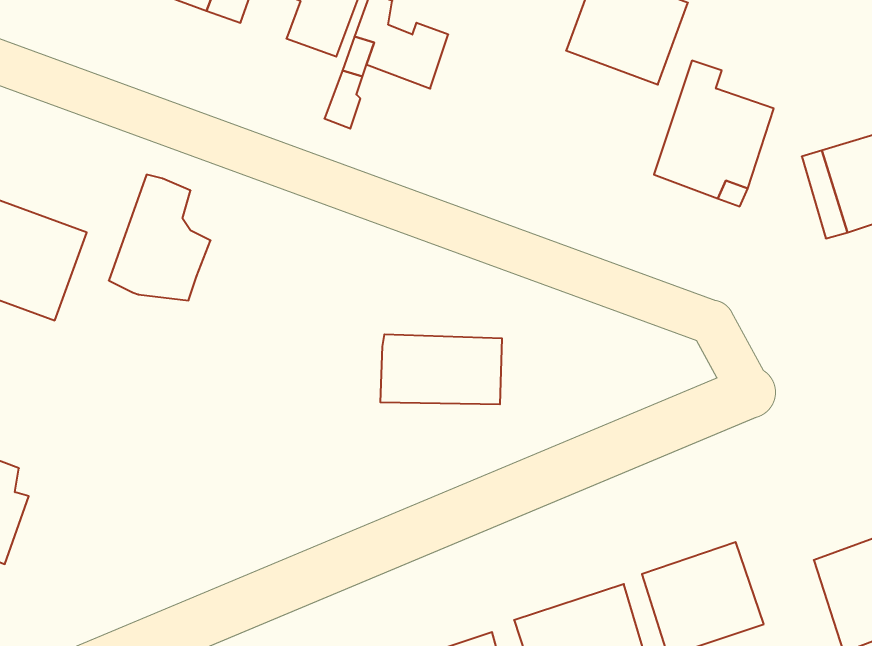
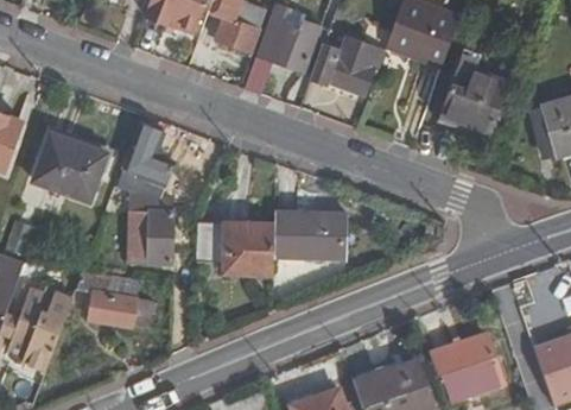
building: none -> [315,33,387,89]
building: none -> [131,189,175,258]
building: none -> [199,219,279,272]
building: none -> [77,269,140,322]

